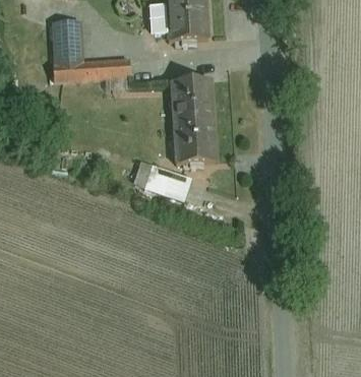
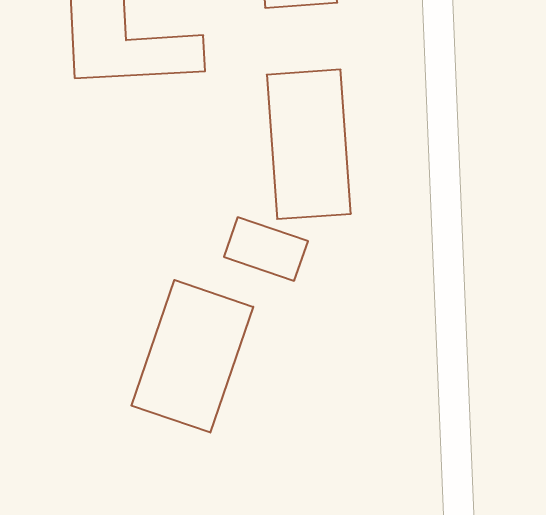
building: none -> [131,280,253,433]

